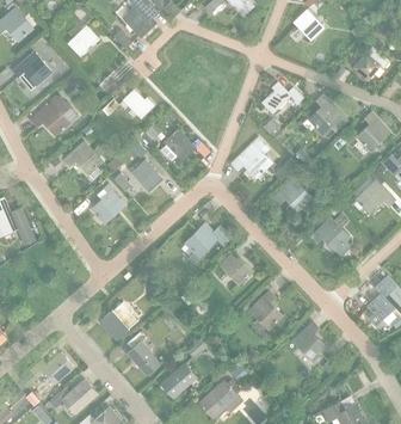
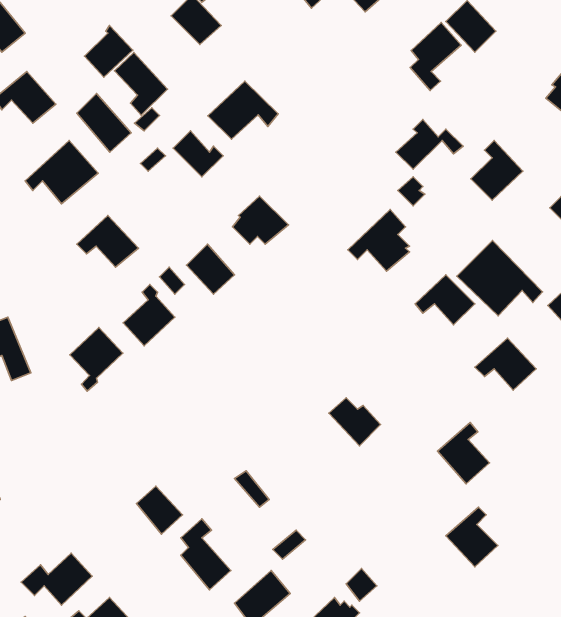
building: none -> [410,22,461,90]
building: none -> [114,53,167,115]
building: none -> [208,81,278,139]
building: none -> [77,93,131,152]
building: none -> [457,240,542,316]
building: none -> [70,327,123,391]
building: [185,223,230,263] -> none
building: [249,291,282,330] -> [437,422,489,484]

